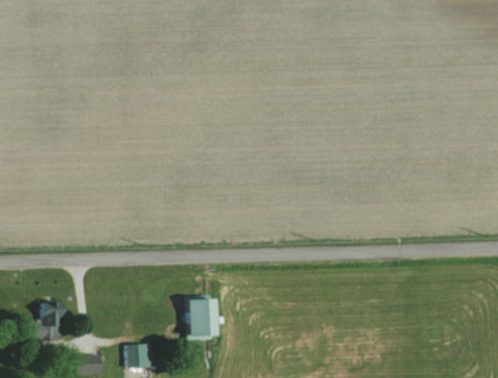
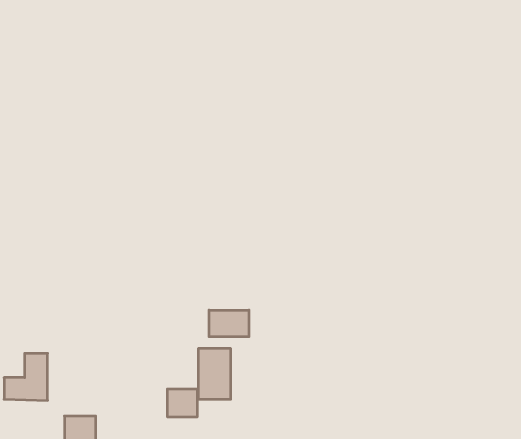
building: none -> [209,310,249,337]
building: [127,344,152,367] -> [167,389,197,417]

